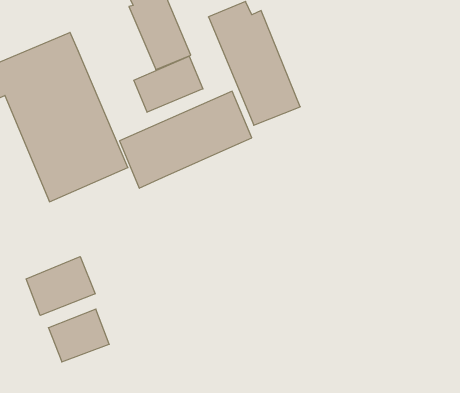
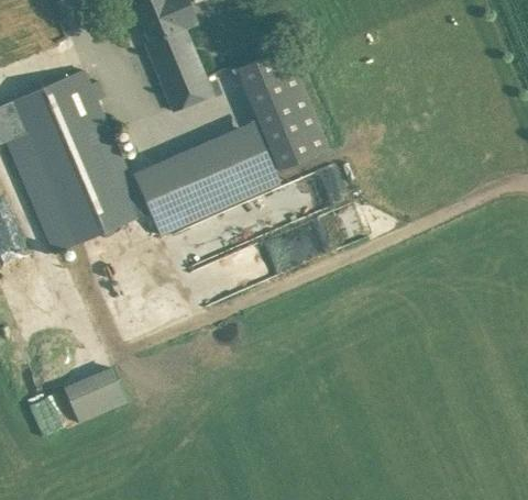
building: [134,56,203,112] -> none
building: [26,257,95,315] -> none

